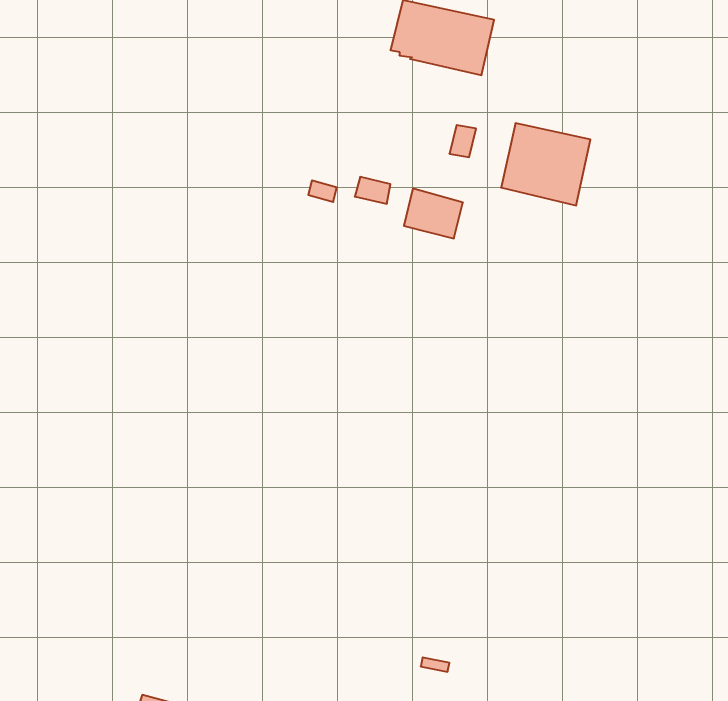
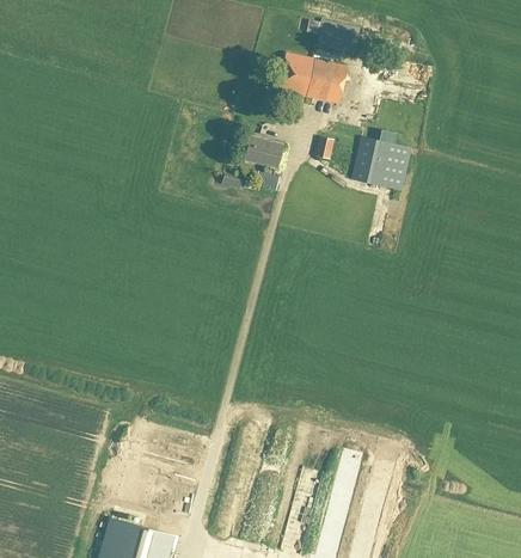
building: [404,188,463,238] -> [244,134,283,167]

